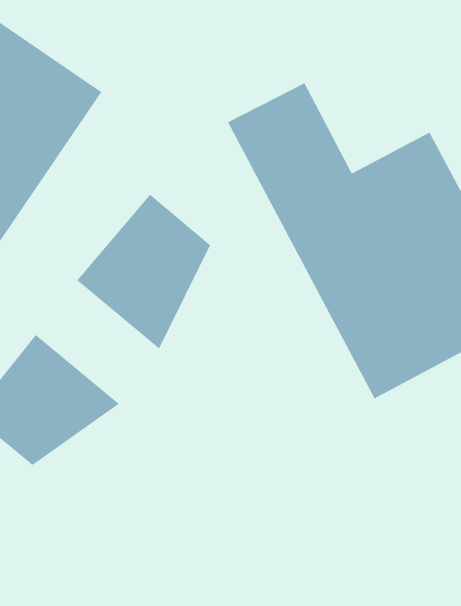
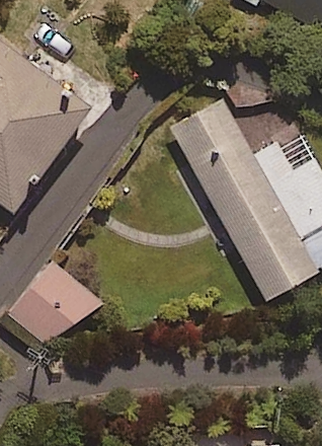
building: [76,194,211,349] -> none

